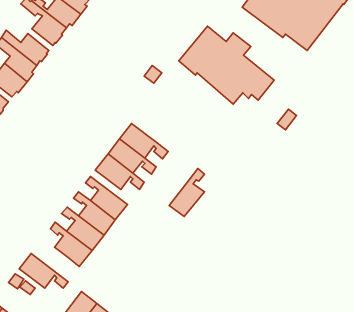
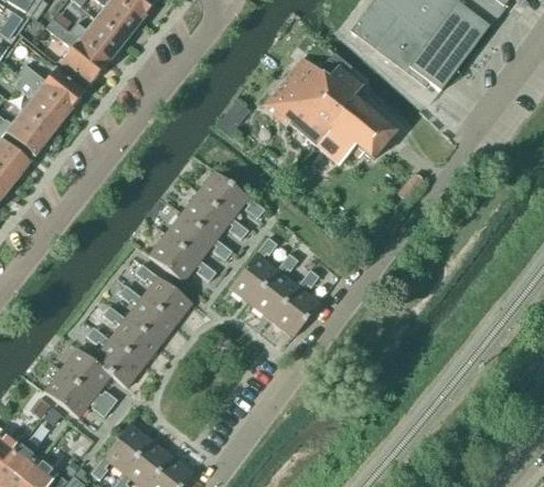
building: none -> [198,170,264,219]
building: none -> [230,237,277,304]
building: none -> [270,269,320,337]
building: none -> [60,348,117,409]

